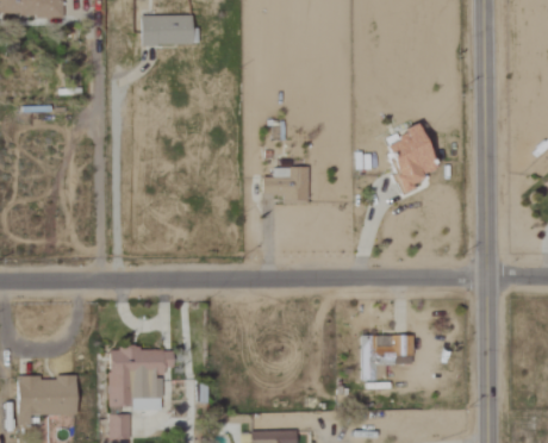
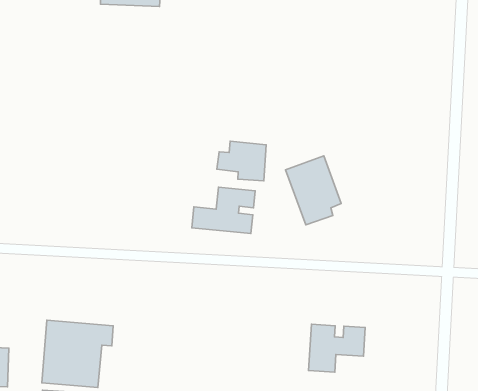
building: [382,124,437,191] -> [285,156,341,225]
building: none -> [192,187,255,234]

